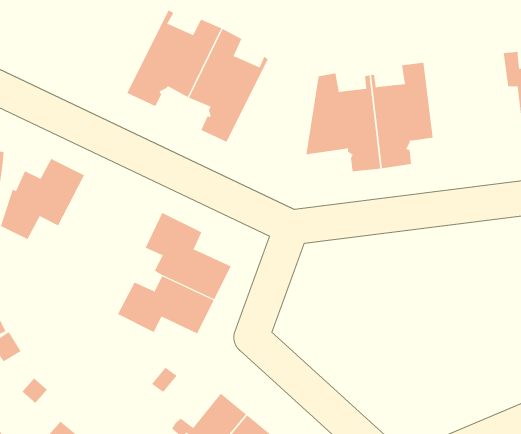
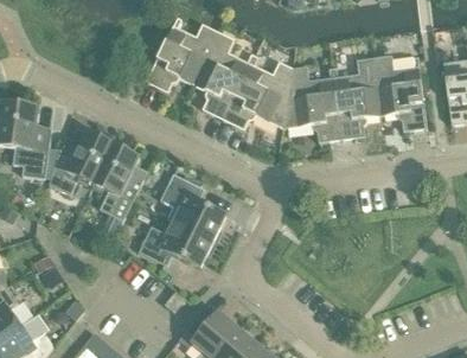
building: none -> [222,55,292,129]
building: none -> [373,55,427,130]
building: none -> [92,143,147,236]

